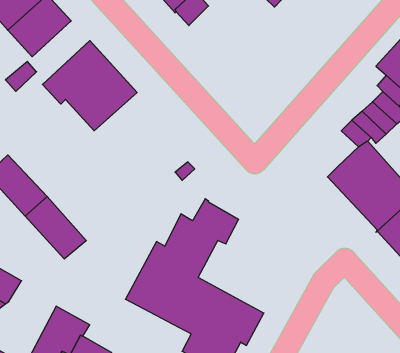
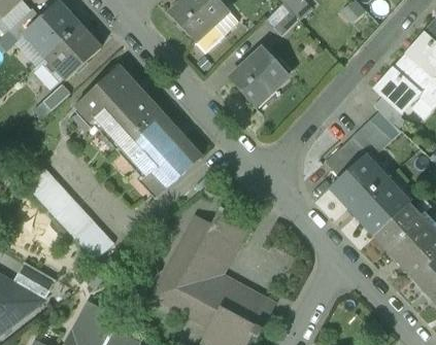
building: none -> [229,47,287,103]
building: none -> [122,111,201,195]
building: none -> [325,145,358,177]

